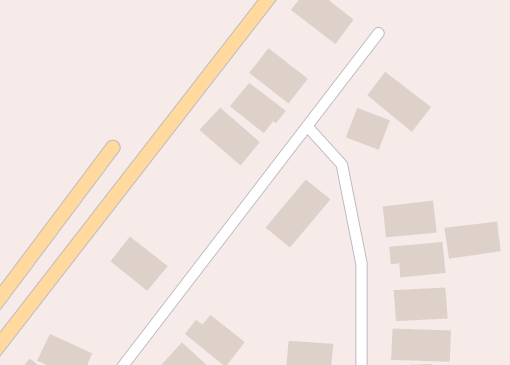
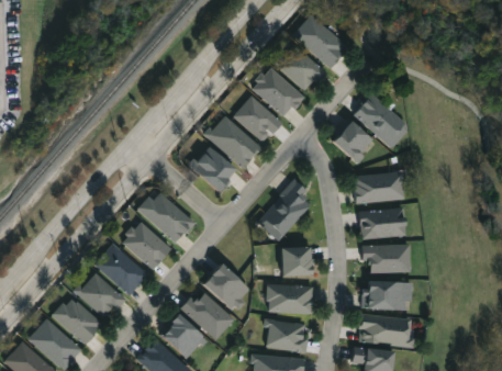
building: none -> [279,46,325,92]
building: none -> [189,145,235,190]
building: none -> [137,189,194,244]
building: [443,221,501,259] -> [354,173,402,203]
building: none -> [280,248,311,276]
building: none -> [94,244,148,295]
building: none -> [203,262,249,312]
building: none -> [269,285,313,313]
building: none -> [76,271,125,319]

